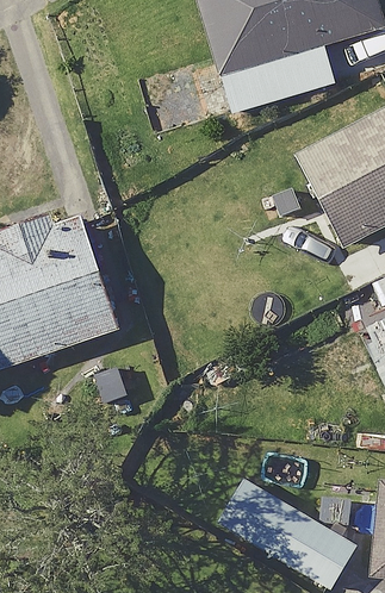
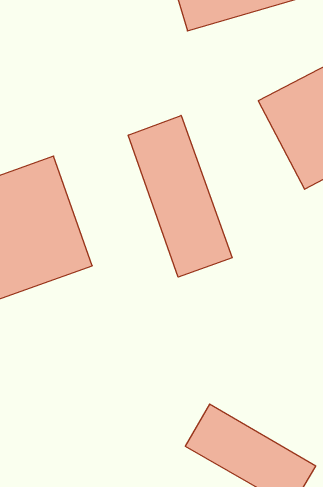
building: none -> [128,115,232,277]

